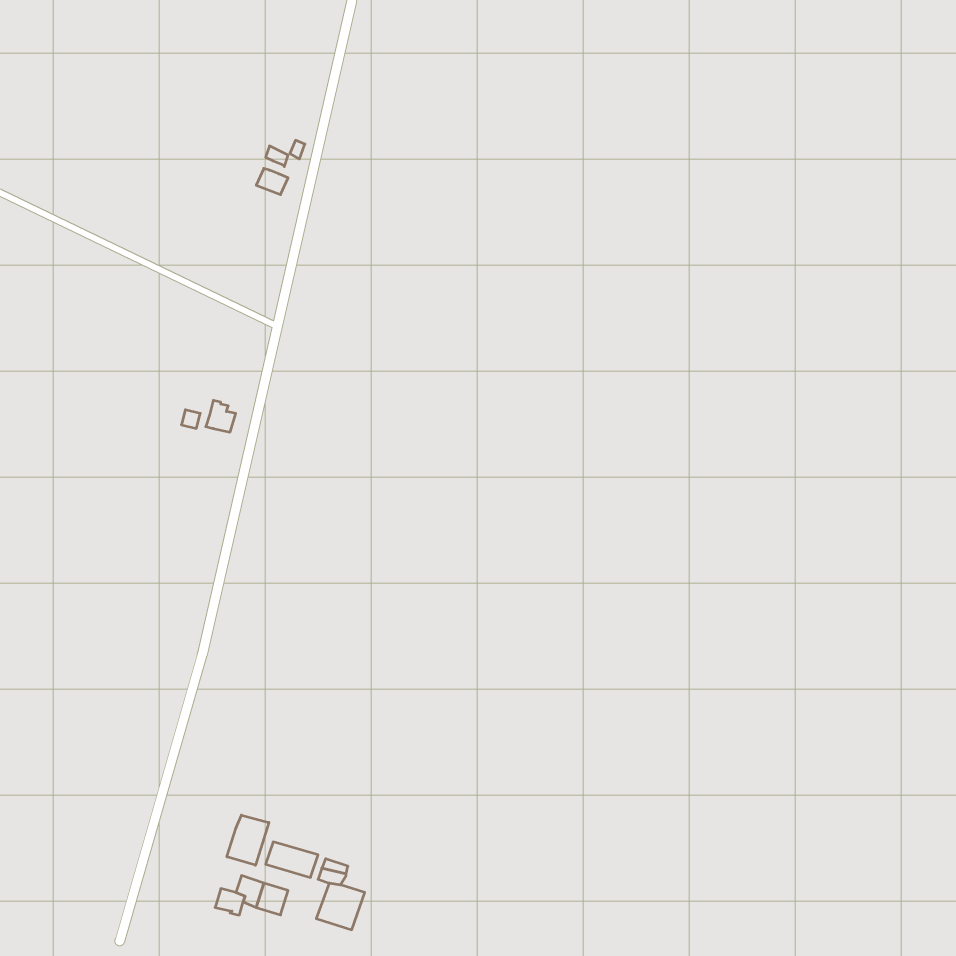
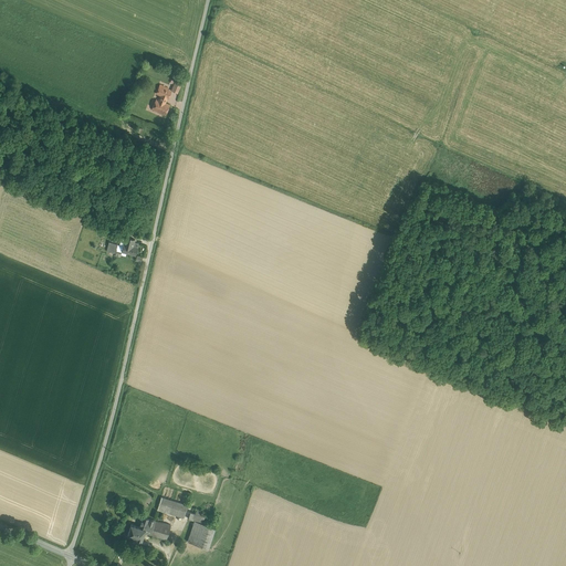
building: [227,815,269,865] -> none

